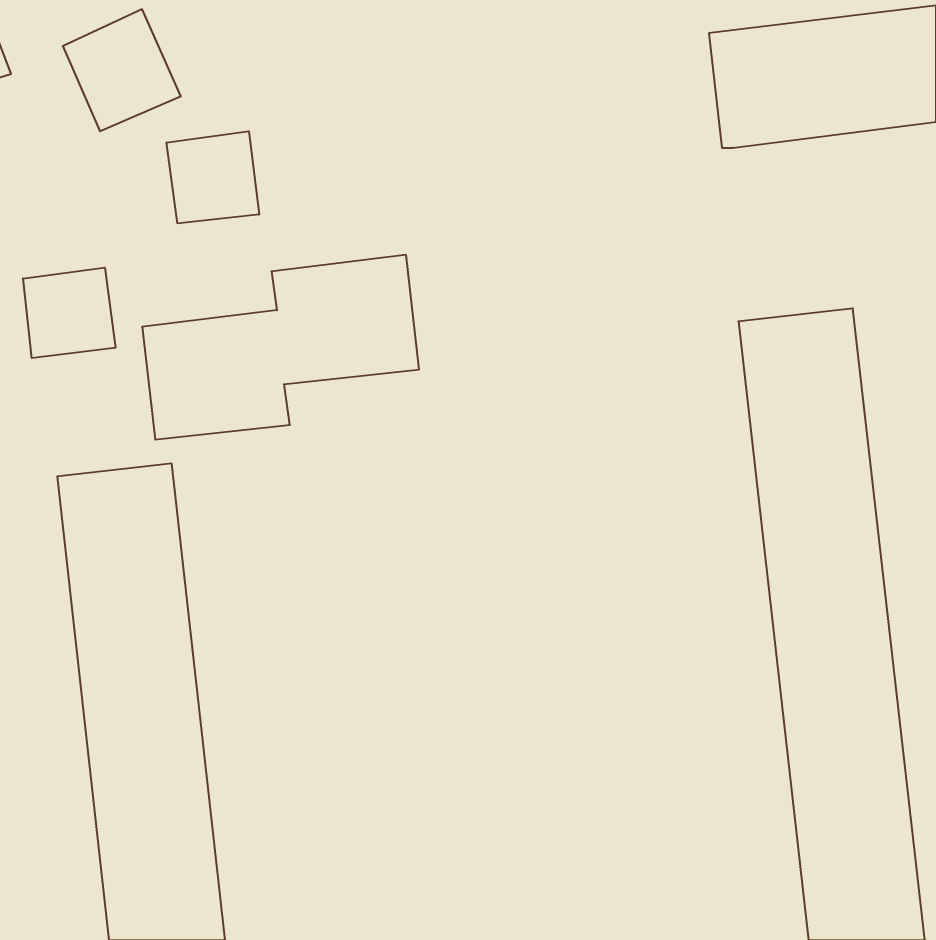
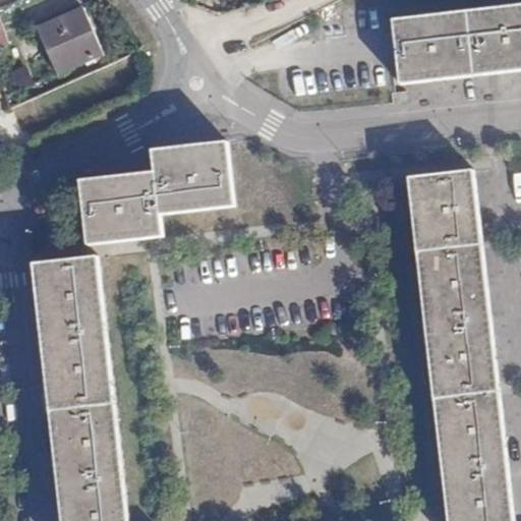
building: [167,131,259,223] -> none
building: [23,268,116,358] -> none

